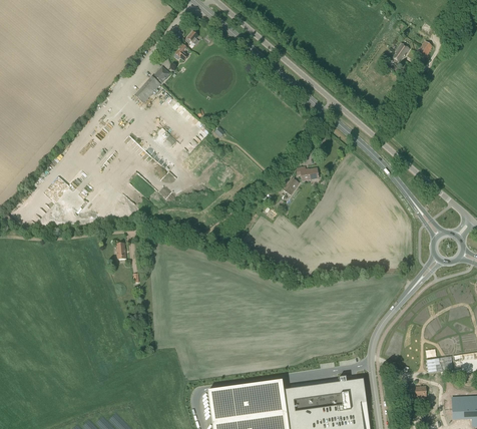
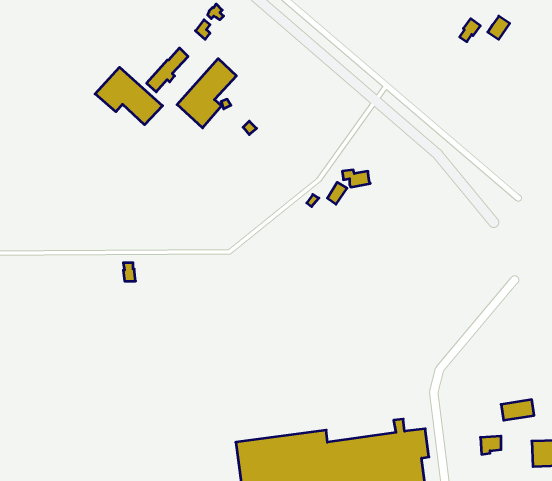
building: none -> [177,59,236,128]
building: none -> [95,67,163,125]

